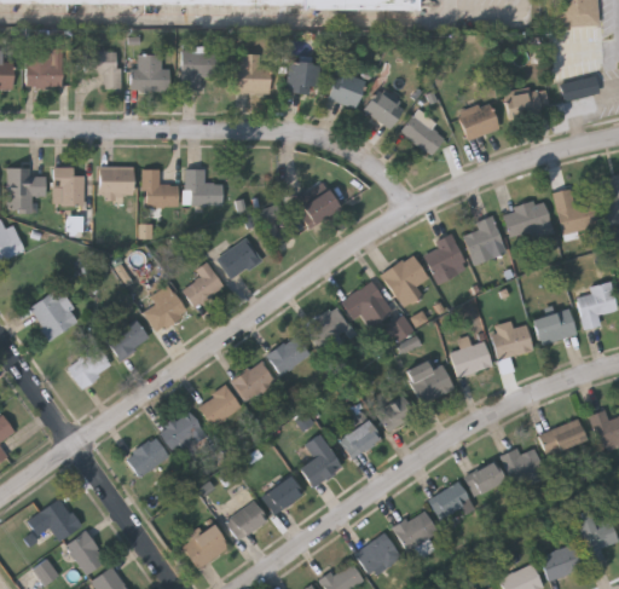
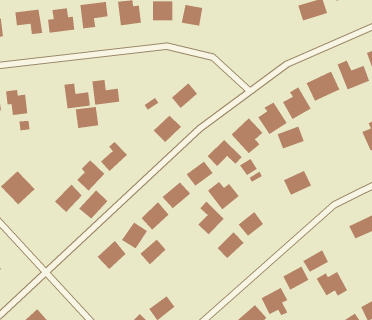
building: [363,91,404,129] -> none
building: [457,103,498,142] -> none
building: [400,115,445,158] -> none
building: [99,167,132,197] -> [75,106,99,129]
building: [216,239,260,281] -> [153,115,182,143]
building: [533,310,577,346] -> none
building: [492,327,533,359] -> [276,125,305,149]
building: [65,346,111,389] -> [78,190,108,219]
building: [405,362,453,406] -> [207,181,240,210]
building: [300,437,341,489] -> [198,201,224,235]
building: [125,438,168,479] -> none
building: [501,449,546,487] -> [316,271,348,297]
building: [261,478,302,516] -> [139,238,166,265]

